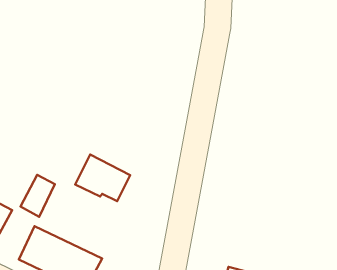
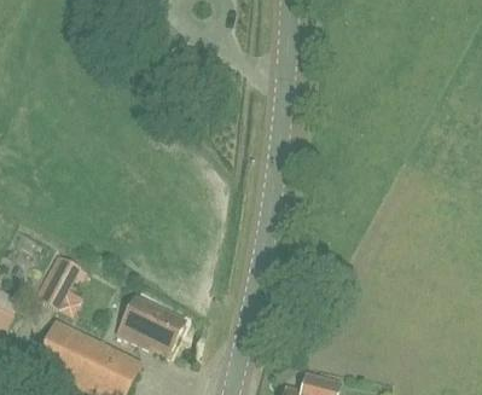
building: [75,155,130,201] -> [115,294,186,354]

